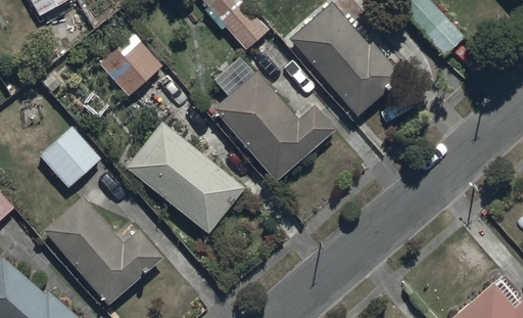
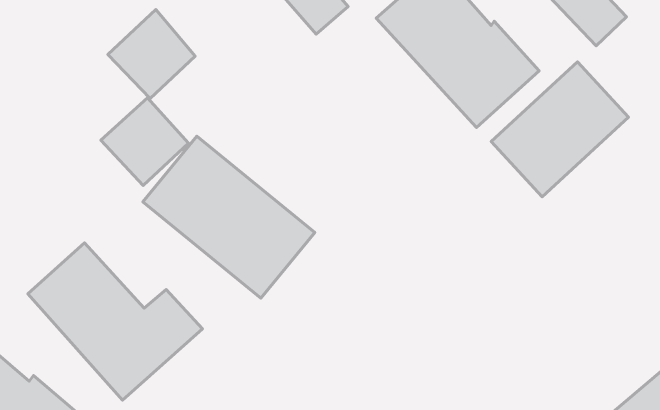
building: [213,57,336,181] -> none
building: none -> [491,62,629,197]
building: [41,127,102,188] -> [101,98,188,185]

